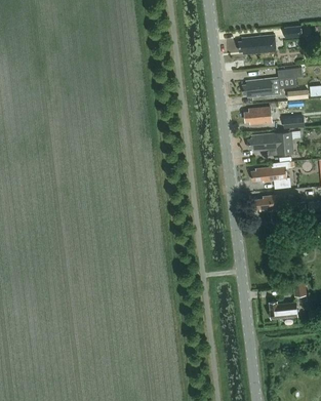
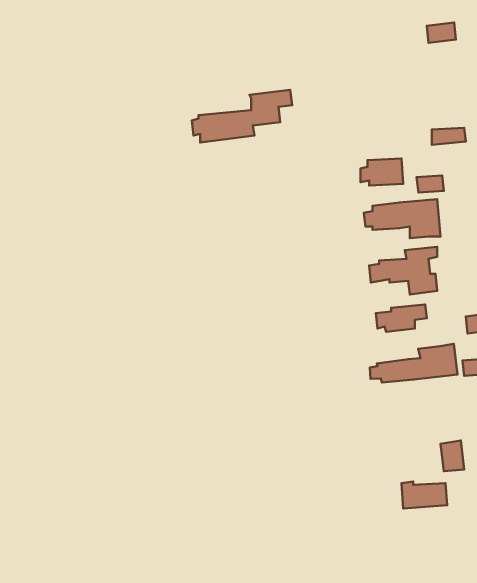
building: [237,34,275,54] -> none
building: [242,67,303,98] -> [192,90,292,142]
building: none -> [370,344,457,383]

